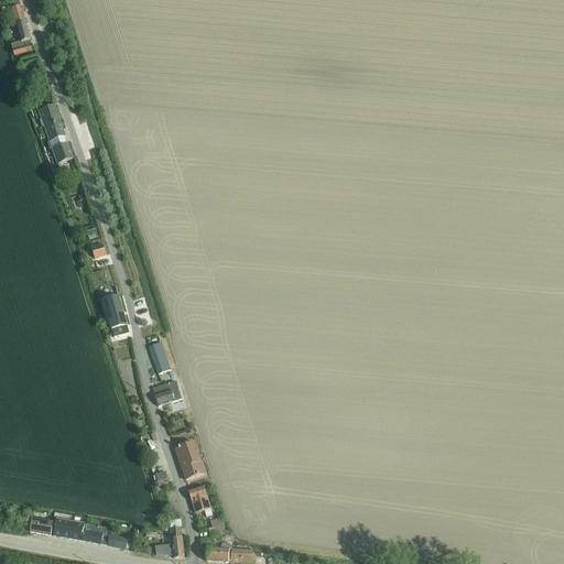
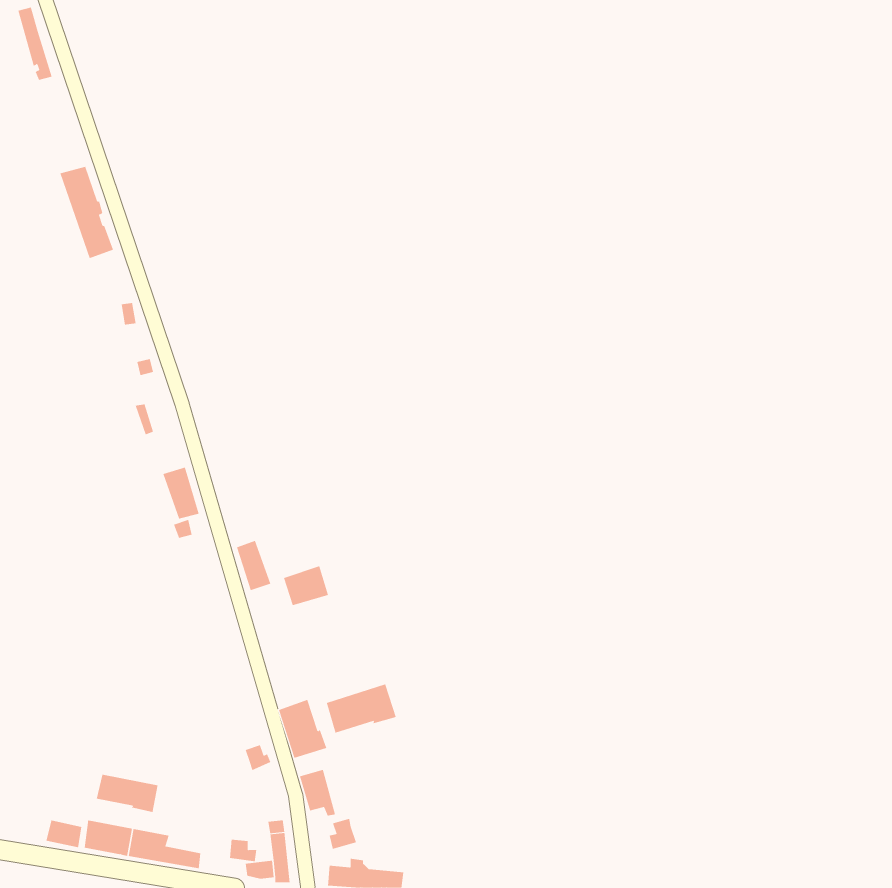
building: [152,379,181,404] -> [283,566,329,606]
building: none -> [326,683,397,734]
building: none -> [96,774,158,813]

